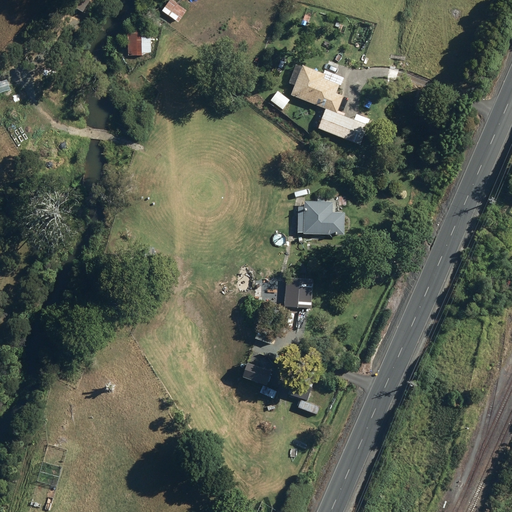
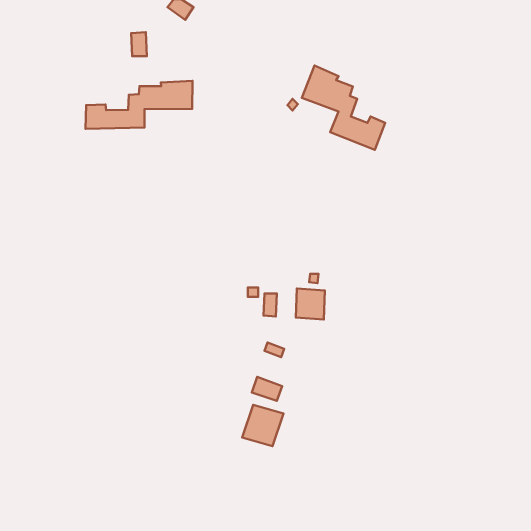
building: none -> [86,81,193,129]
building: [297,201,344,234] -> none
building: none -> [242,405,283,446]

